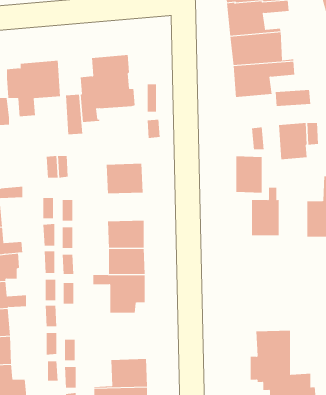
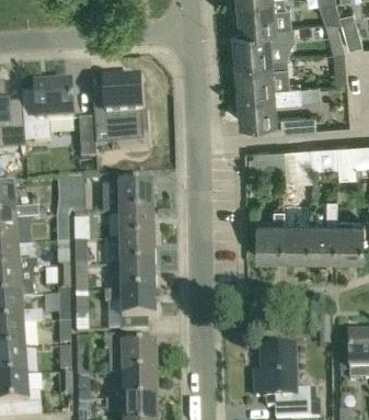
building: [235,156,263,193] -> [286,223,312,259]
building: none -> [119,216,155,243]
building: none -> [105,338,158,377]

